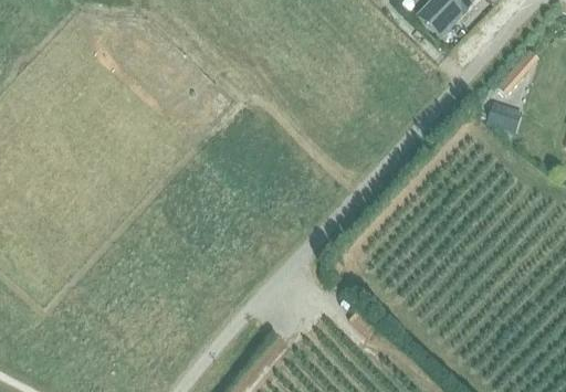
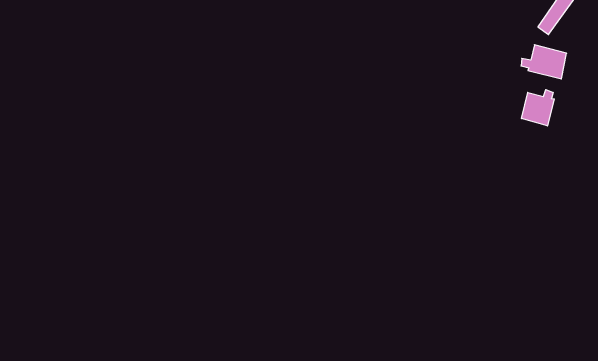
building: none -> [522,90,554,126]

